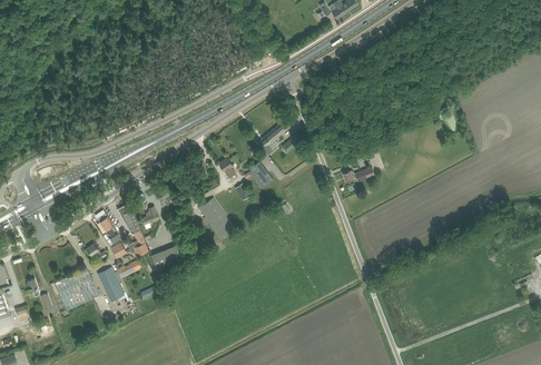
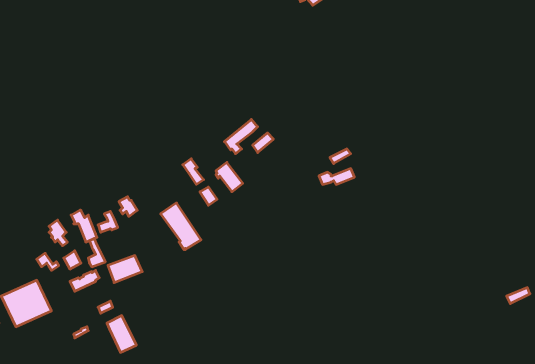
building: [98,267,125,300] -> [107,316,136,352]

